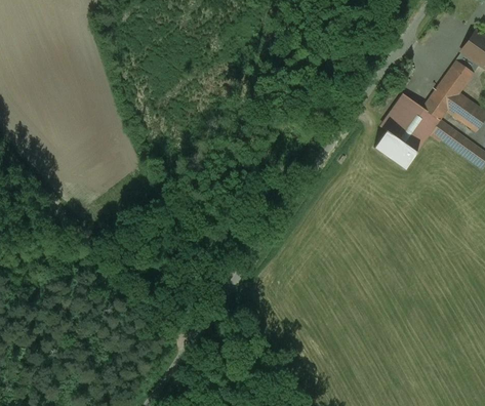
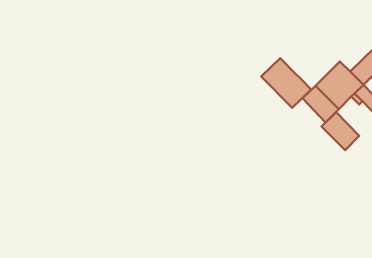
building: none -> [261,58,311,108]
building: none -> [321,112,359,150]

